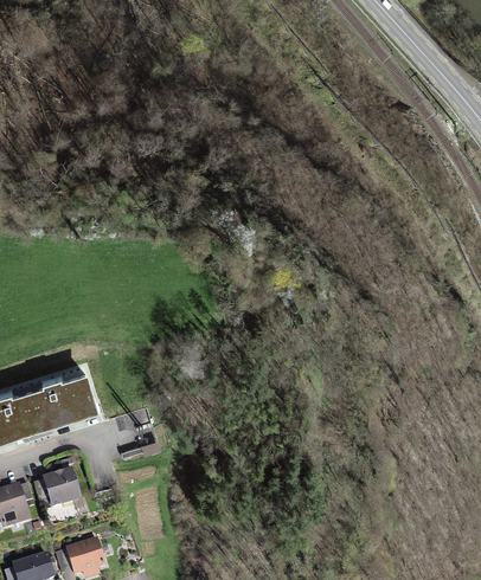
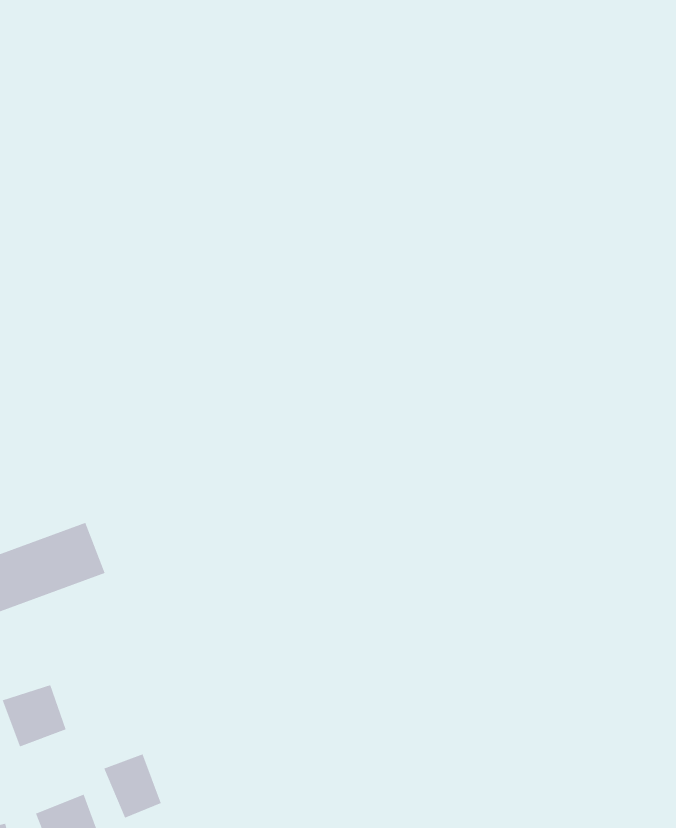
building: none -> [104,753,161,819]

